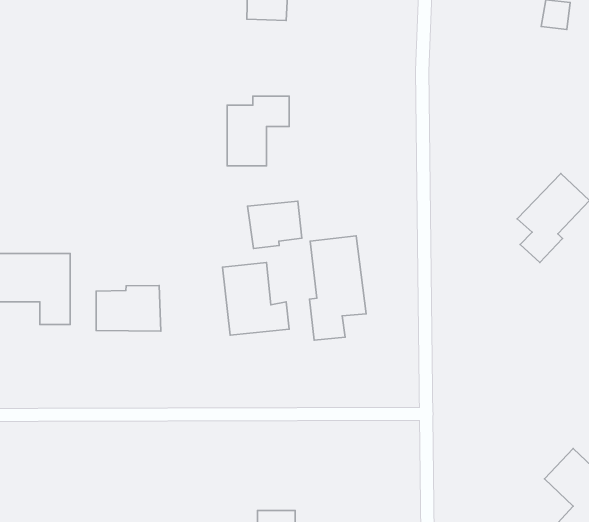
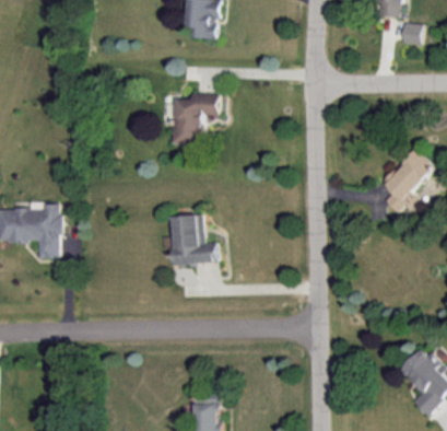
building: [248,201,302,249] -> none
building: [310,236,366,340] -> none
building: [96,286,161,331] -> none

